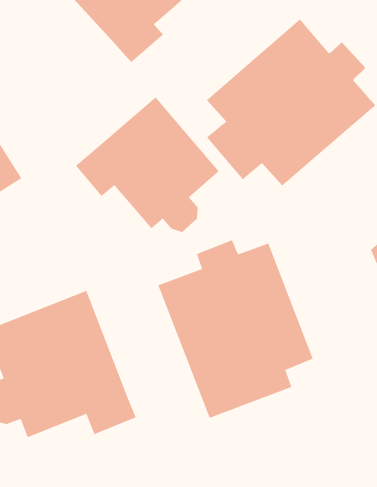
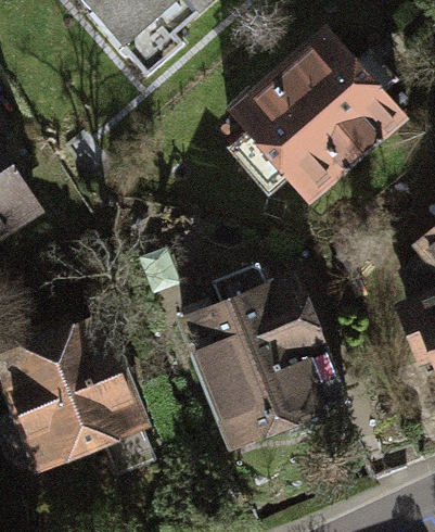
building: [75,96,220,233] -> none

